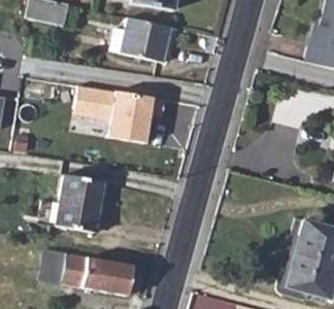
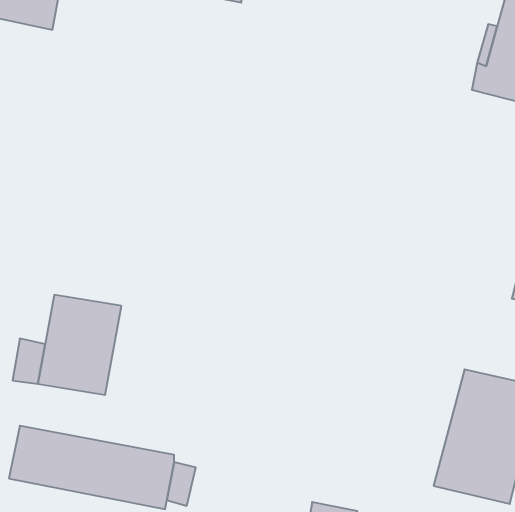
building: [111,18,171,64] -> none
building: [71,84,165,143] -> none

